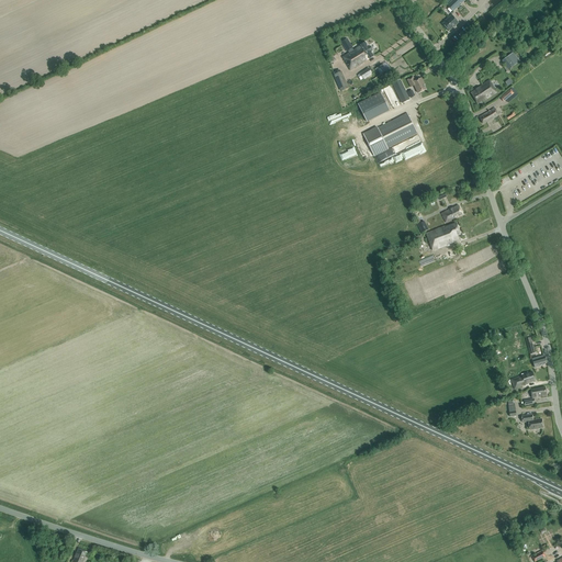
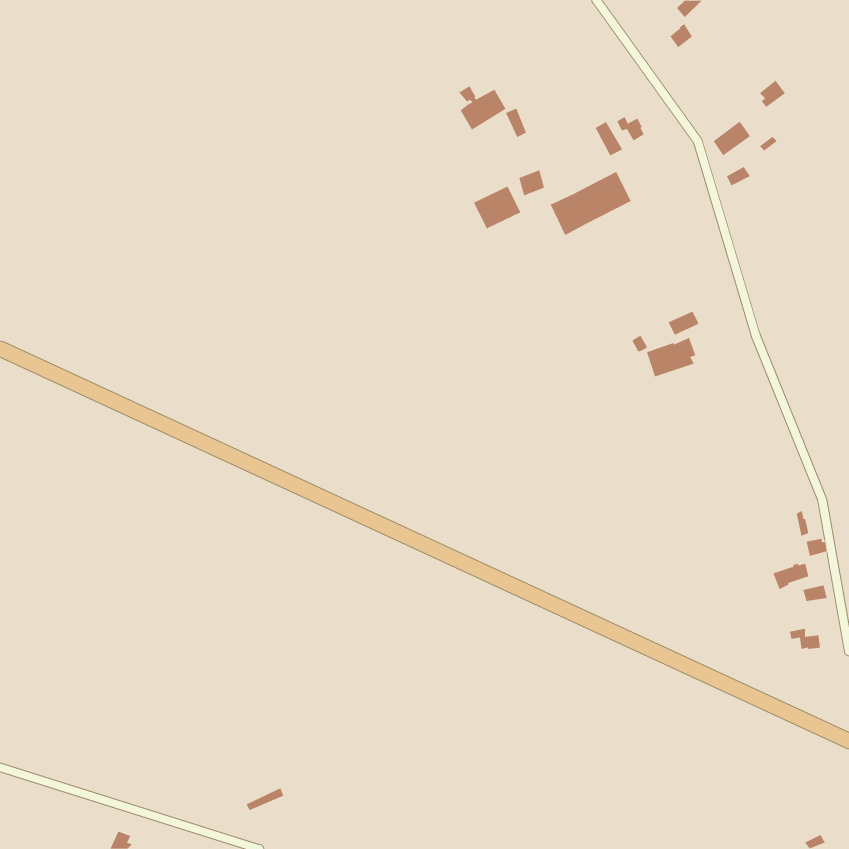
building: [341,41,373,70] -> [458,86,506,130]
building: [358,93,390,122] -> [473,186,521,229]

